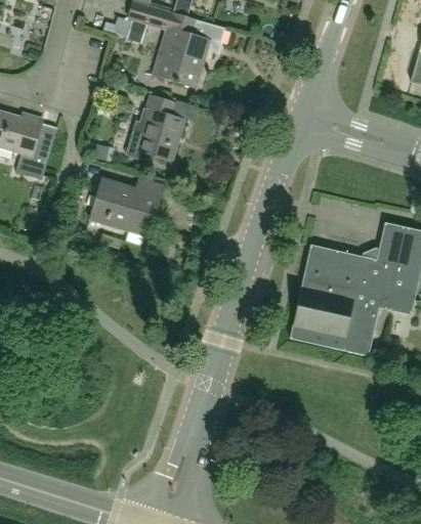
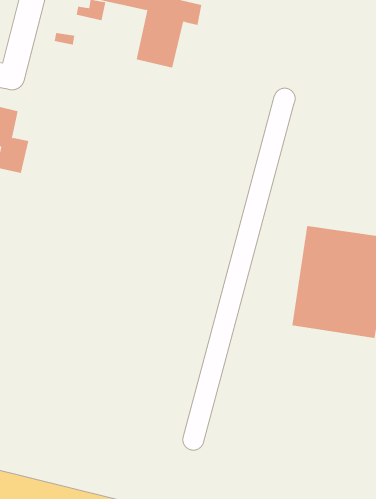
building: [126,94,183,162] -> none
building: [89,177,164,235] -> none

